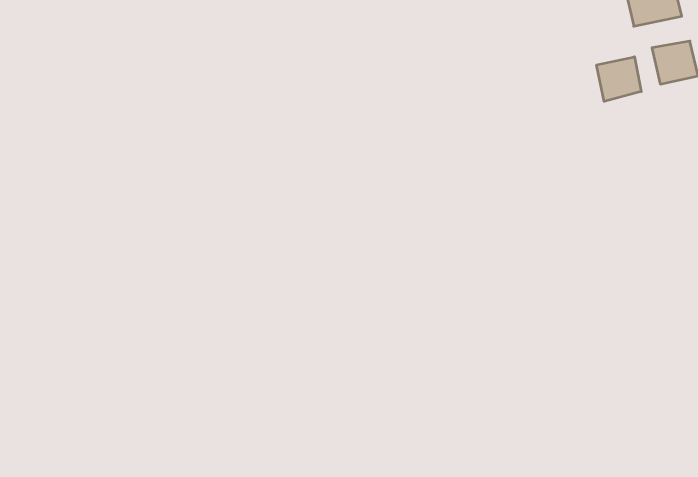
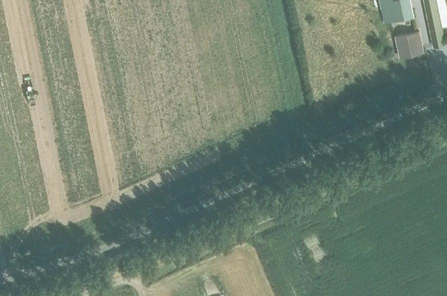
building: [597,57,641,101] -> none

